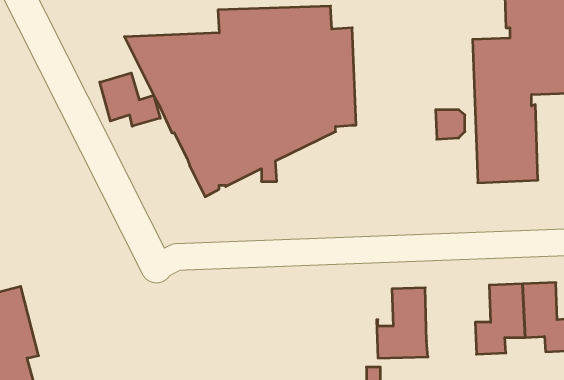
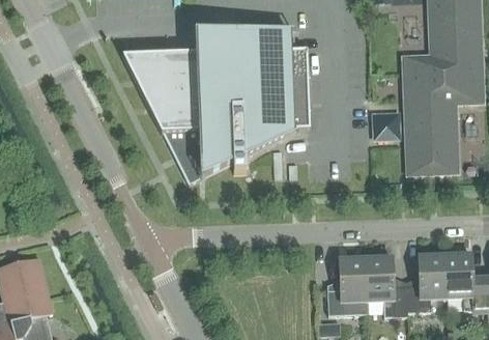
building: [100,73,160,126] -> none
building: none -> [366,256,407,316]

